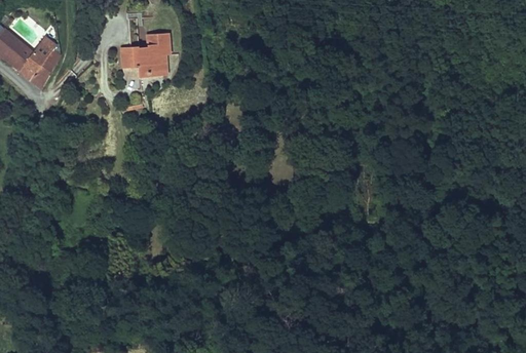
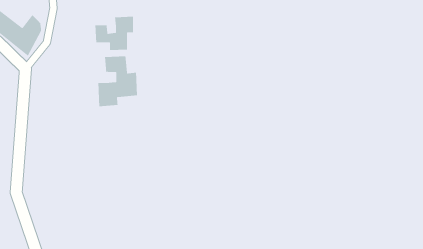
building: none -> [97,55,138,107]

